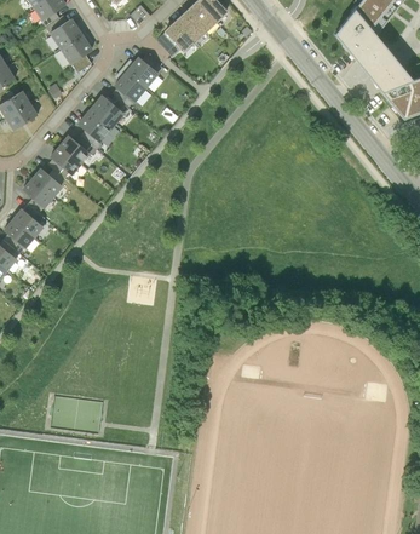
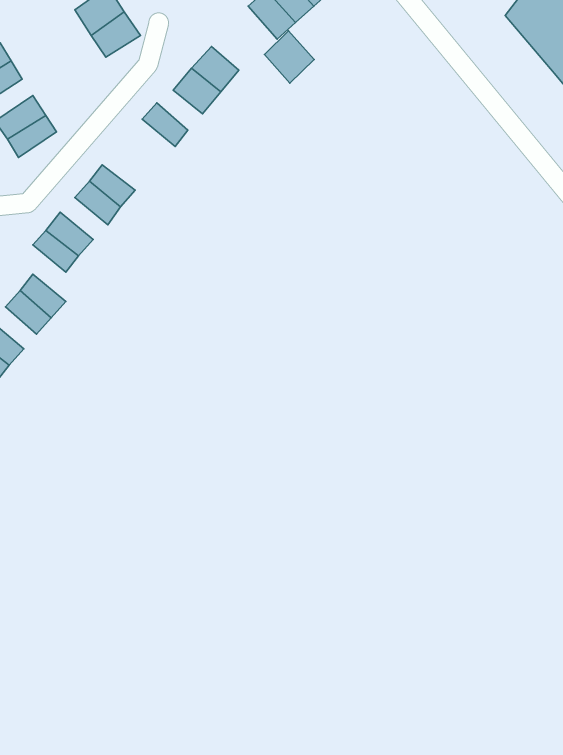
building: none -> [264,31,314,83]
building: [80,105,117,142] -> none

